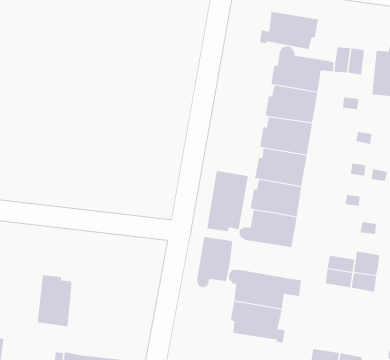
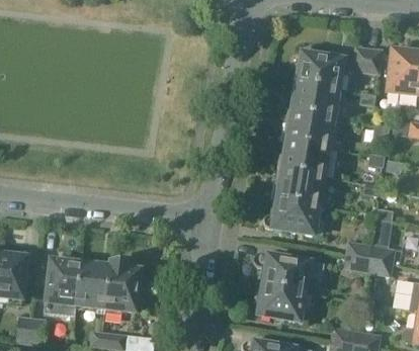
building: [259,11,318,50] -> none
building: [207,170,248,232] -> none
building: [196,236,233,288] -> none
building: none -> [47,258,81,304]
building: none -> [105,262,140,312]

